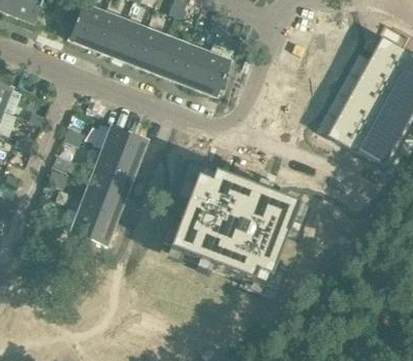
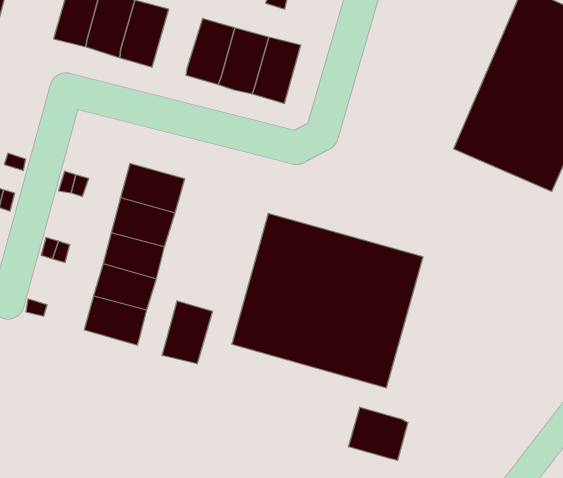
building: [131,26,167,70] -> none
building: none -> [162,301,213,364]
building: none -> [348,407,408,461]

